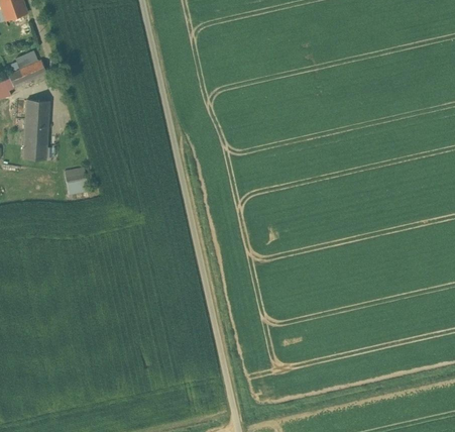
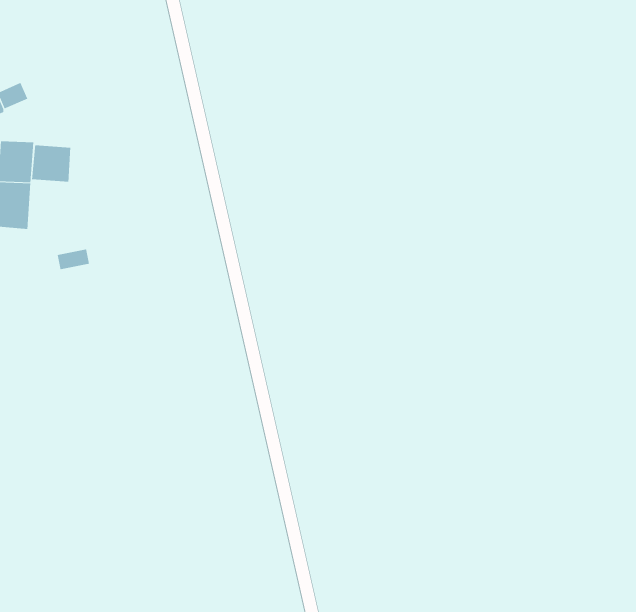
building: none -> [32,144,71,182]

